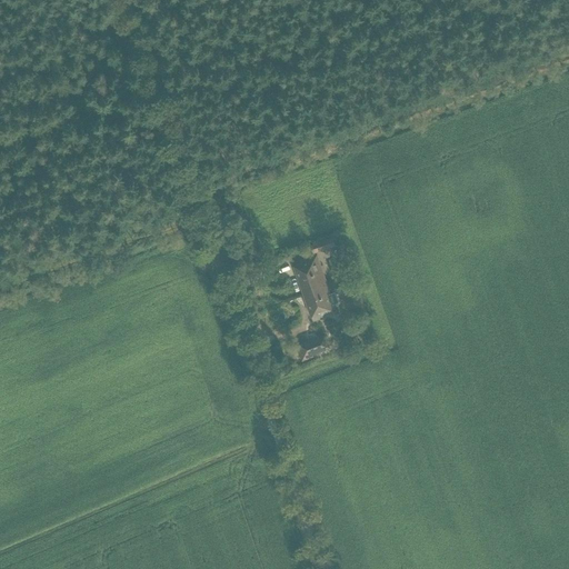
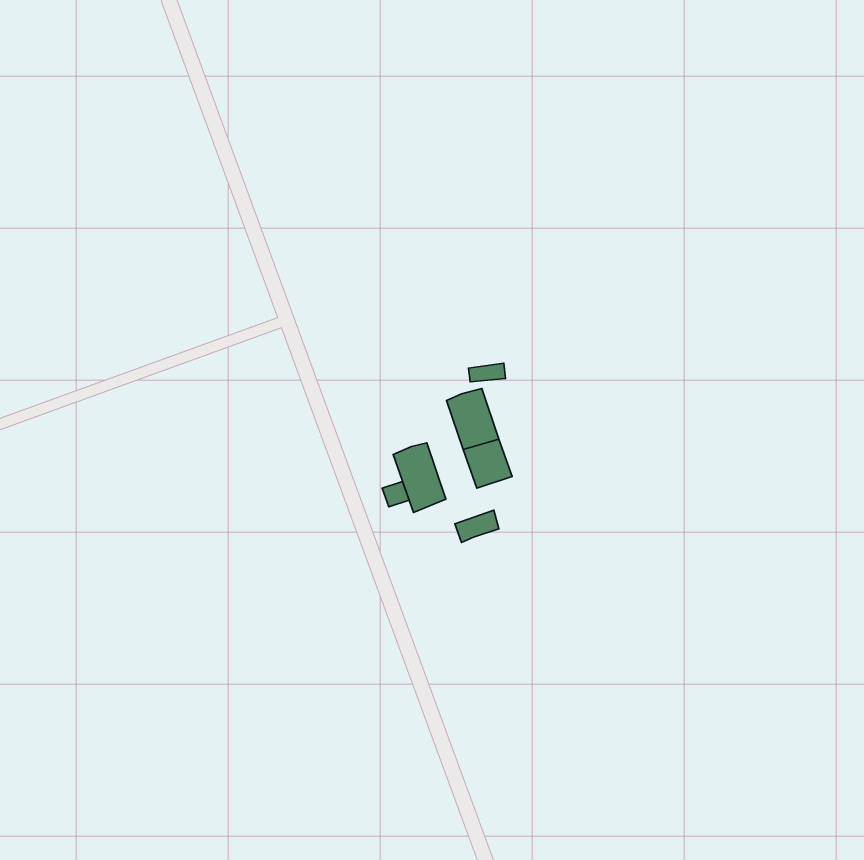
building: none -> [393,443,446,512]

